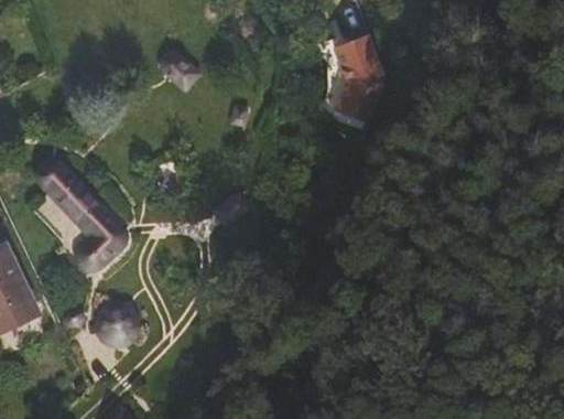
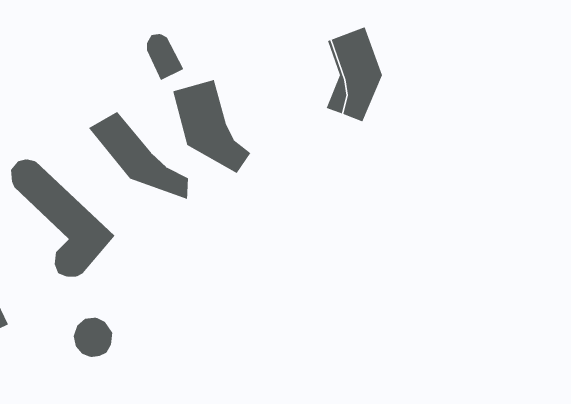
building: none -> [172,79,251,174]
building: none -> [88,111,188,200]

